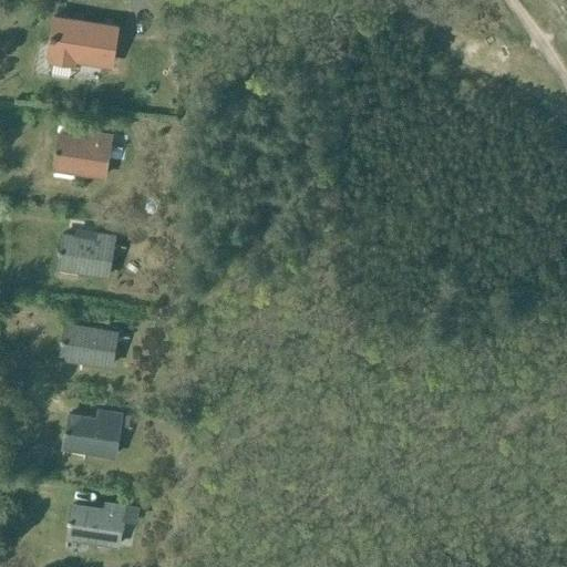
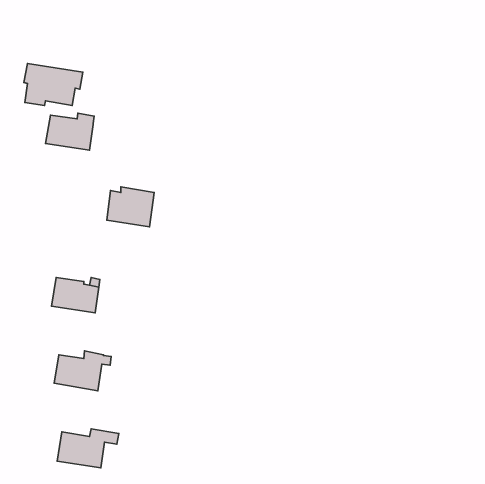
building: [50,18,118,66] -> [24,64,83,105]
building: [59,230,114,277] -> [107,187,154,227]

